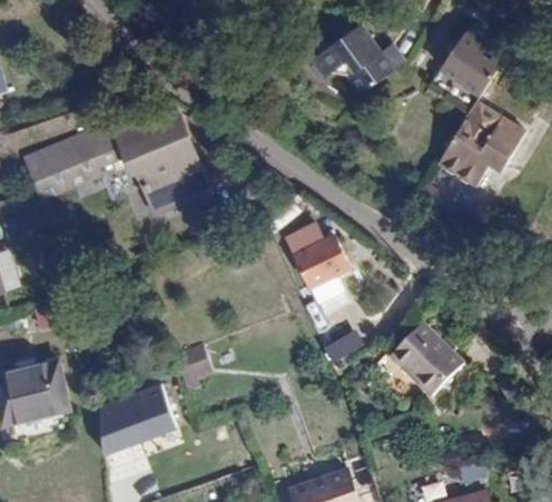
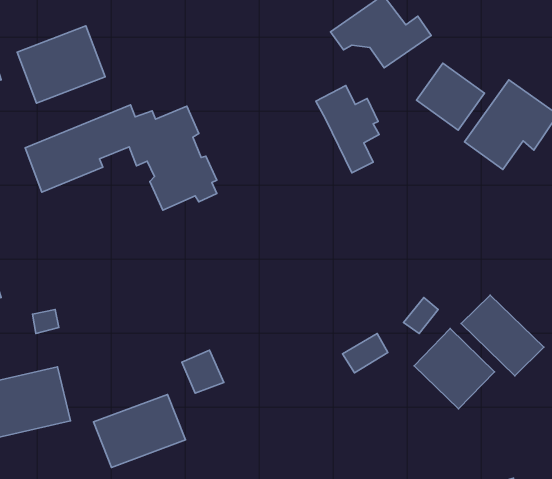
building: [441,26,504,88] -> [416,63,485,130]
building: none -> [17,26,105,103]
building: [286,224,345,305] -> [316,85,379,173]
building: none -> [461,295,544,376]

